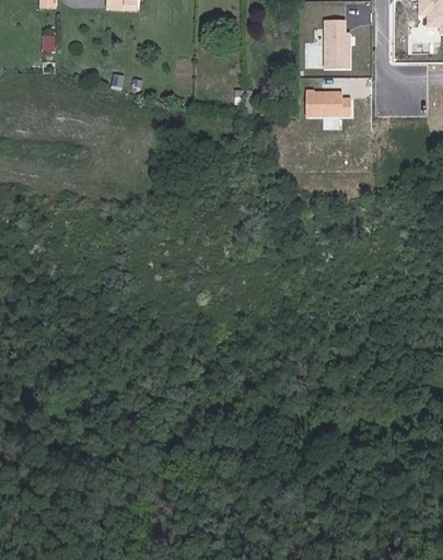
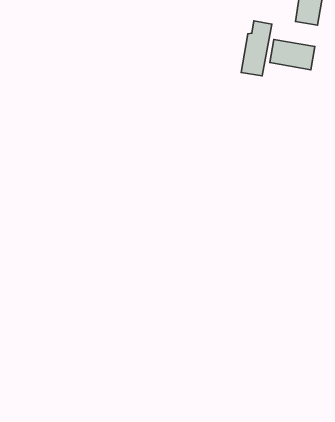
building: none -> [241,21,272,76]

